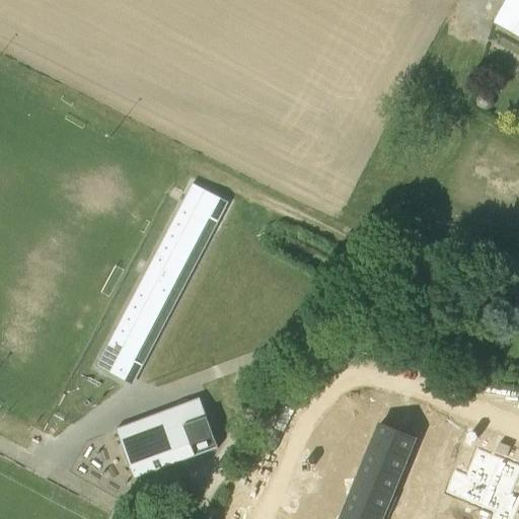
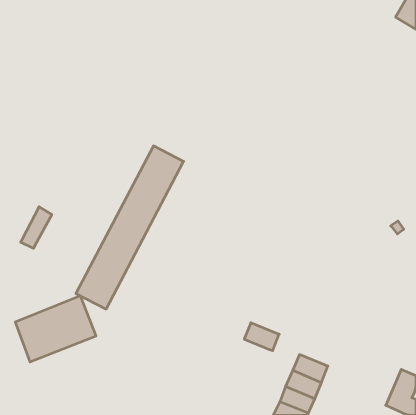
building: none -> [21,207,52,248]
building: [127,397,227,479] -> [15,296,96,362]
building: [372,421,416,455] -> [244,323,279,351]
building: [443,450,499,504] -> none

